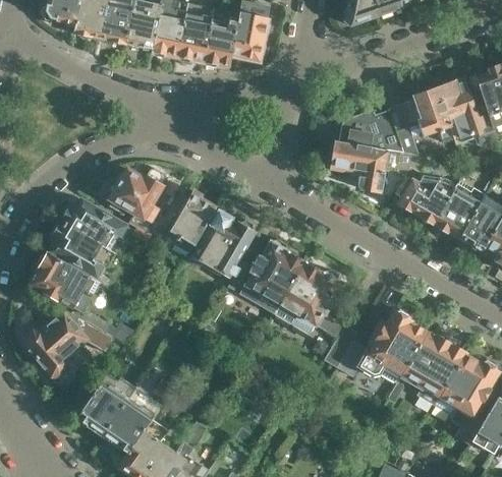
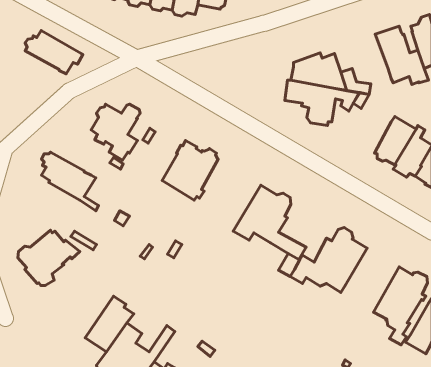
building: [401,86,454,141] -> none
building: [399,176,454,223] -> none
building: [159,193,215,259] -> none
building: [63,198,129,248] -> [25,30,83,74]
building: [229,239,304,312] -> none
building: [30,249,100,311] -> none
building: [387,332,465,405] -> none
building: [76,371,135,434] -> none

